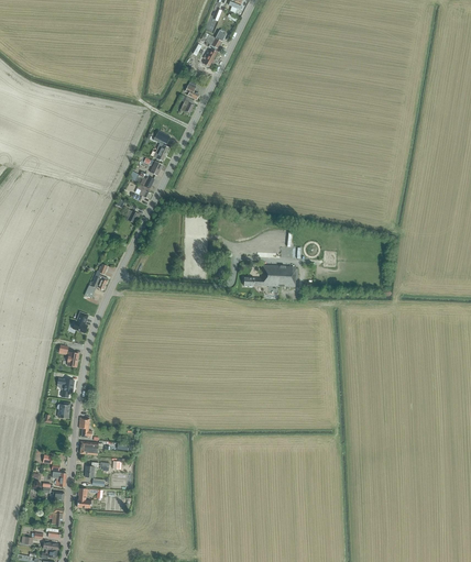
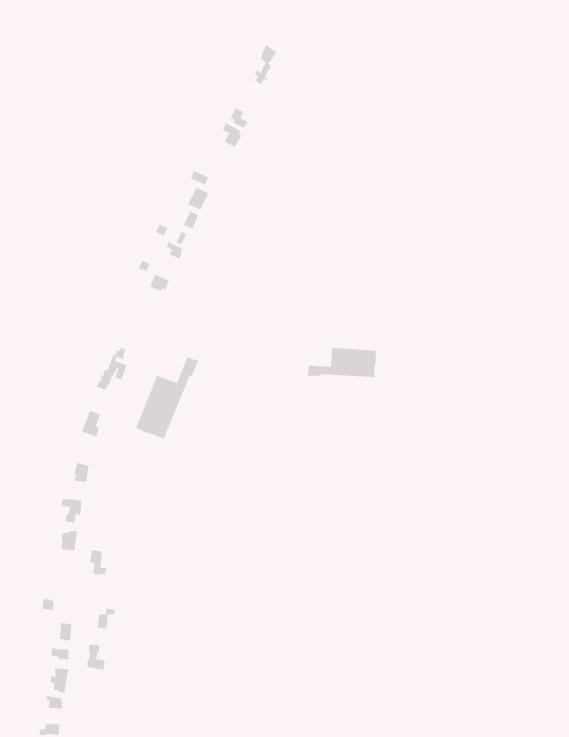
building: none -> [135,356,200,440]

